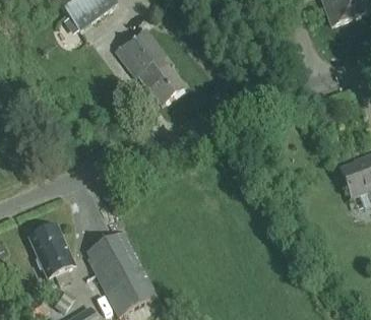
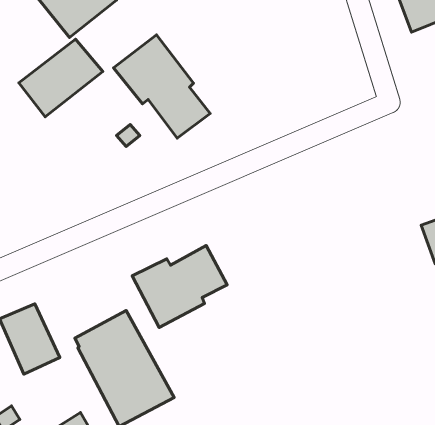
building: none -> [19,39,103,117]
building: none -> [132,246,227,327]

